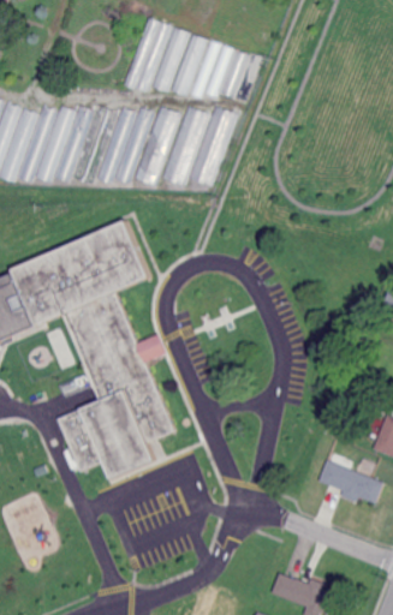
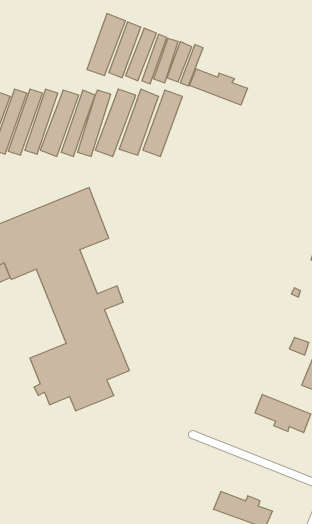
building: none -> [189,69,247,105]

